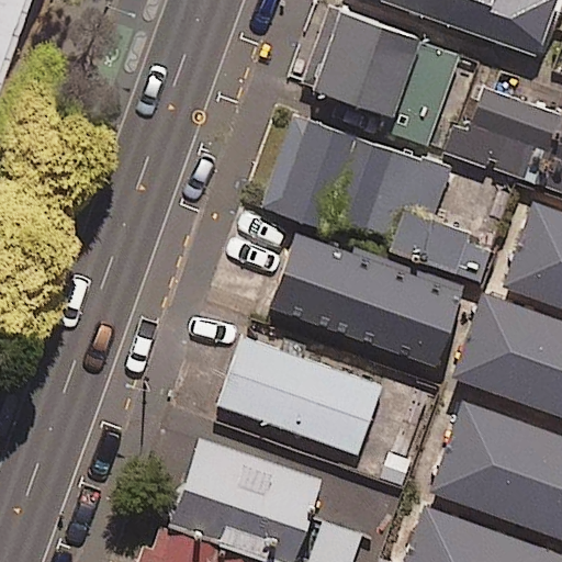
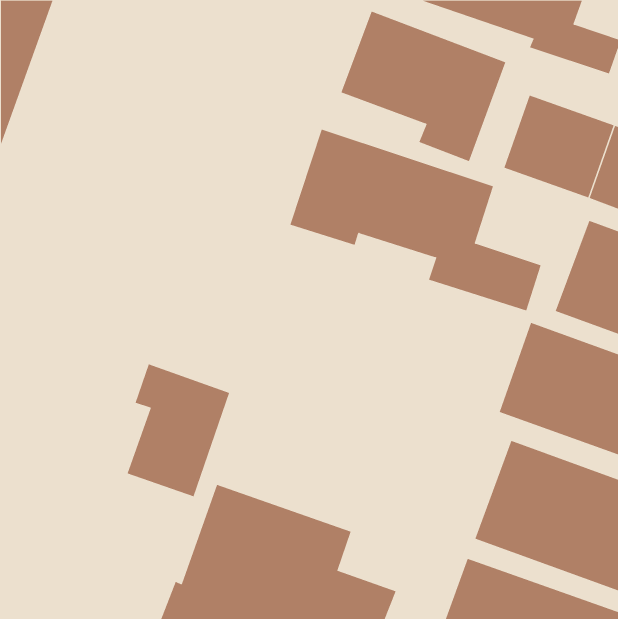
building: [271,235,458,362] -> none
building: none -> [127,364,230,497]
building: [222,340,381,452] -> none

